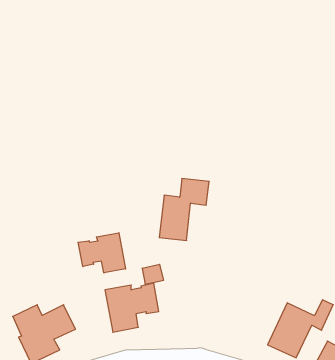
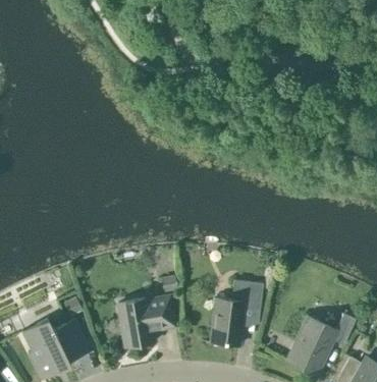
building: [159,179,209,240] -> [211,281,263,345]
building: [78,233,126,273] -> none

